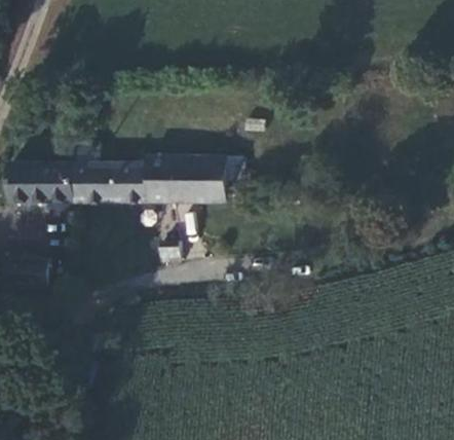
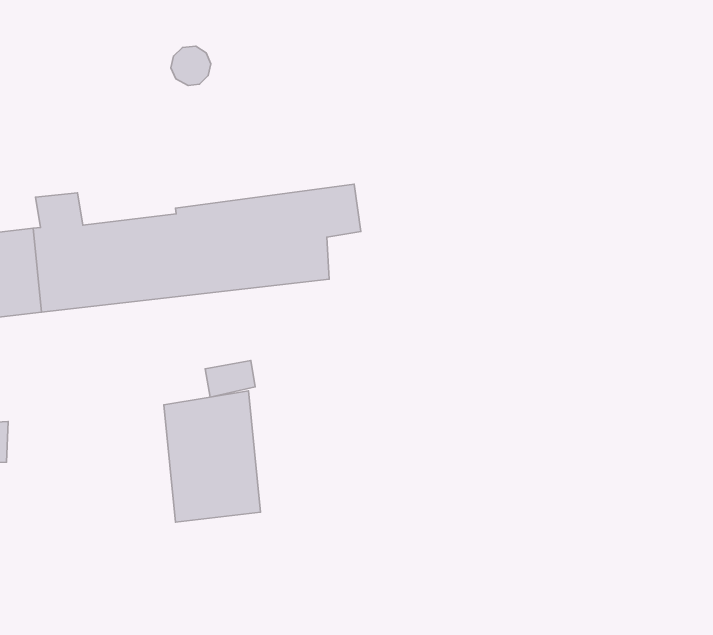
building: none -> [164,391,261,522]

